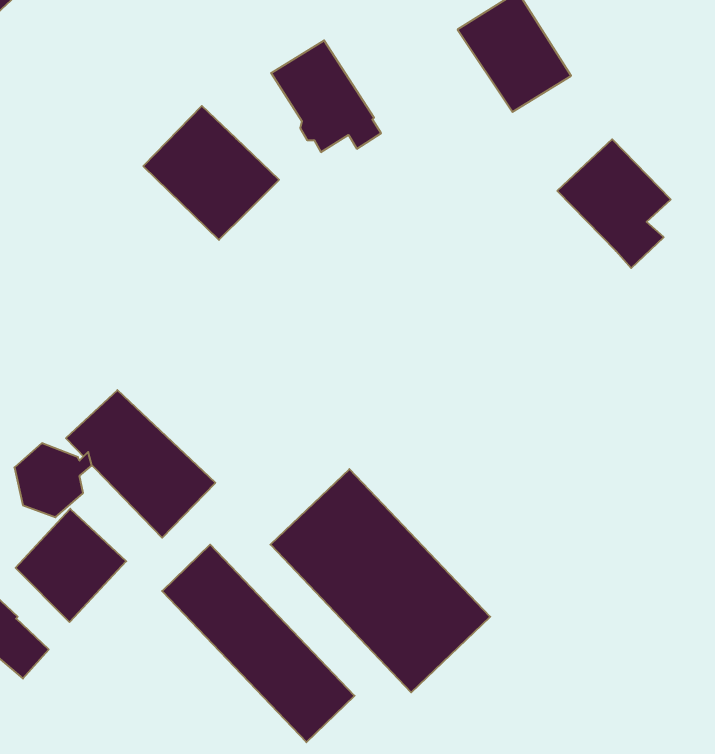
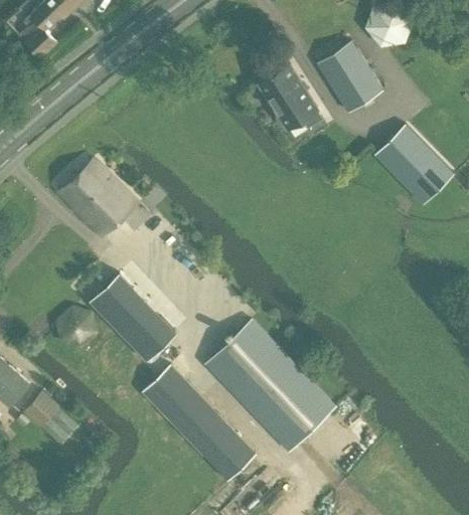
building: [271,40,381,152] -> [258,63,322,129]
building: [143,106,279,240] -> [58,158,138,236]
building: [16,509,126,622] -> none

